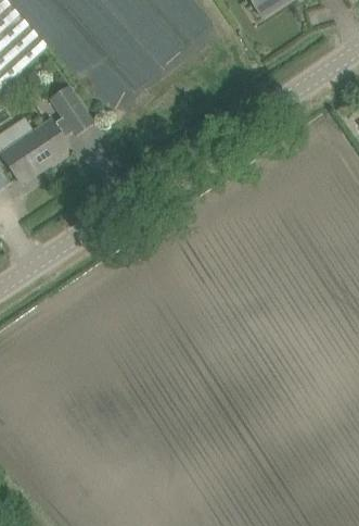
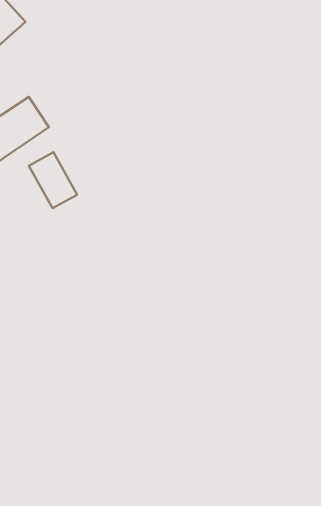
building: [50,85,97,139] -> [29,152,77,208]

